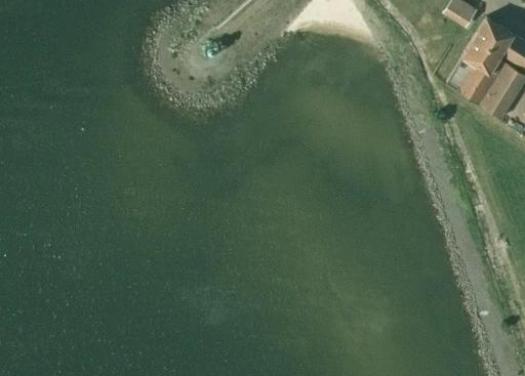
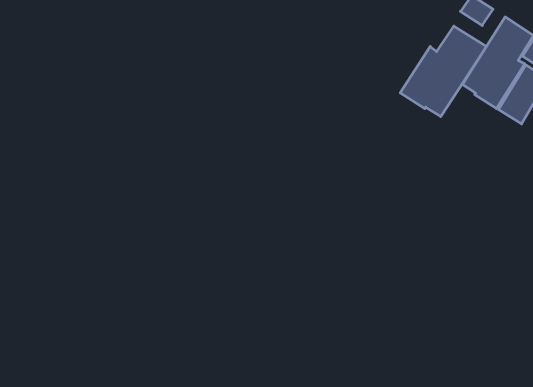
building: none -> [400,26,486,117]

